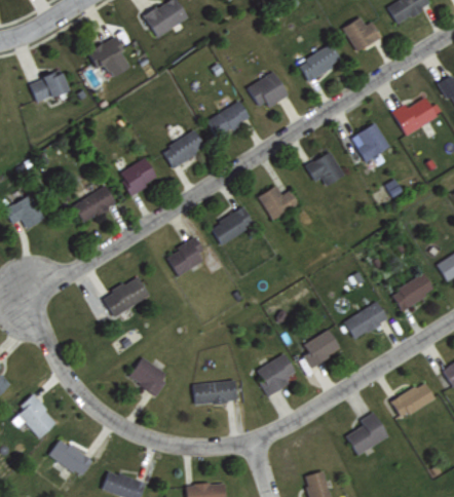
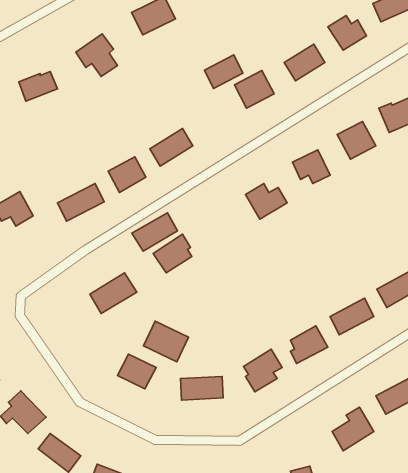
building: [212,101,251,135] -> [204,55,243,88]
building: [210,206,256,245] -> [132,213,178,251]
building: none -> [143,321,189,362]

